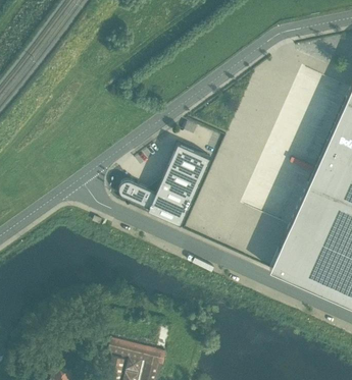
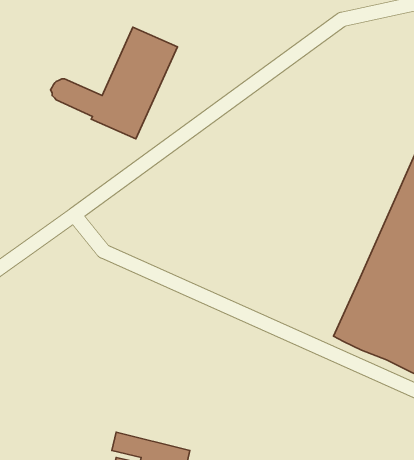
building: [119,144,212,225] -> [51,27,178,139]

